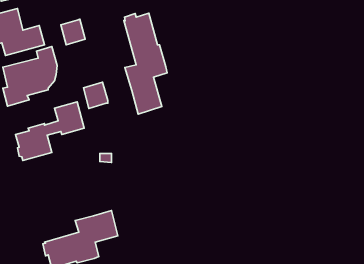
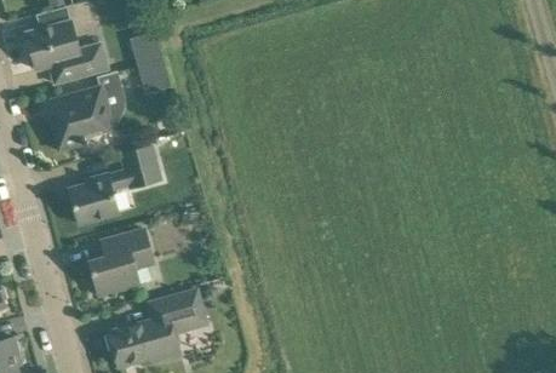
building: [124,13,167,114] -> none
building: [83,82,108,109] -> [137,61,170,96]
building: none -> [88,228,154,295]

